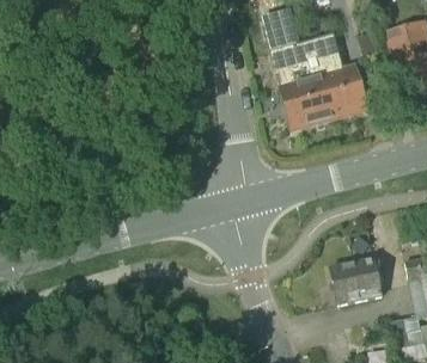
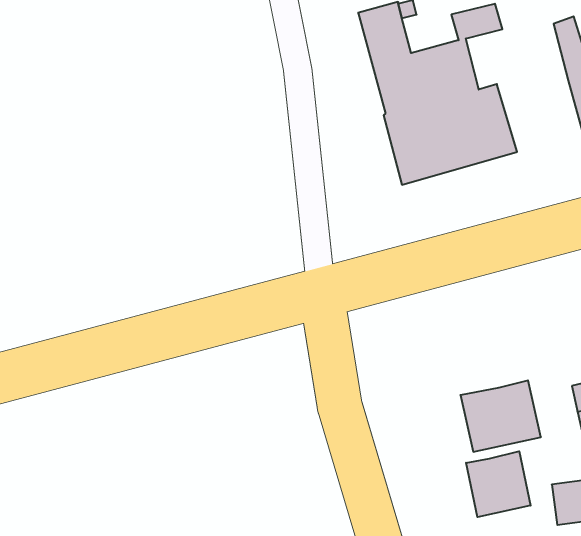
building: none -> [466,451,531,517]

